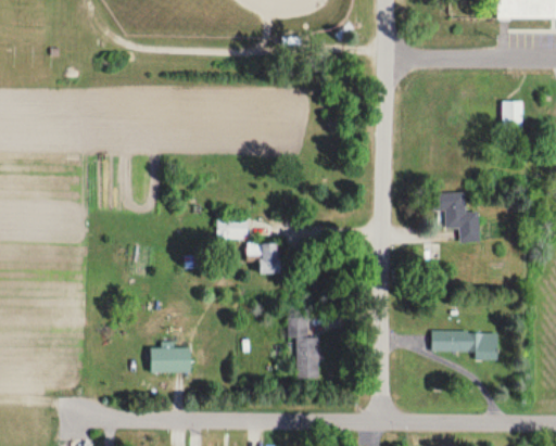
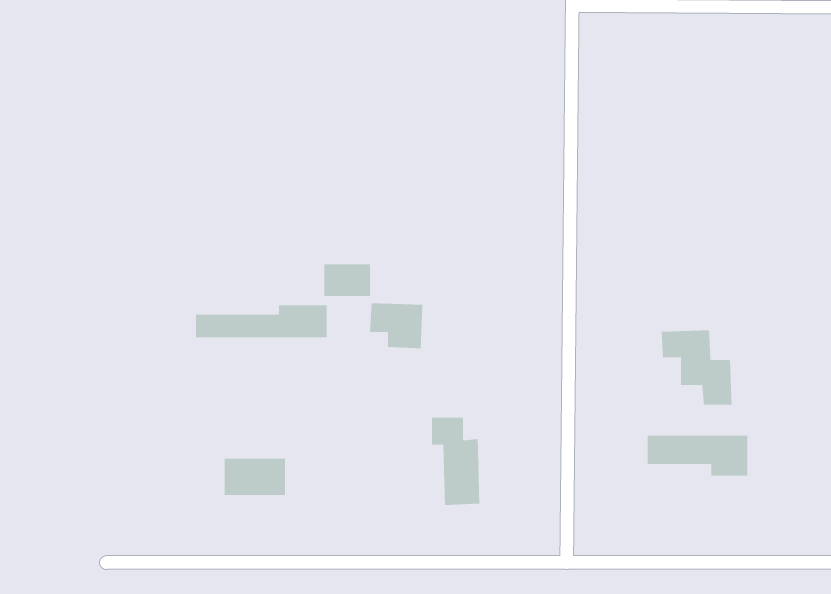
building: [502,101,522,127] -> none
building: [432,193,480,243] -> [661,330,733,405]
building: none -> [196,304,327,338]

